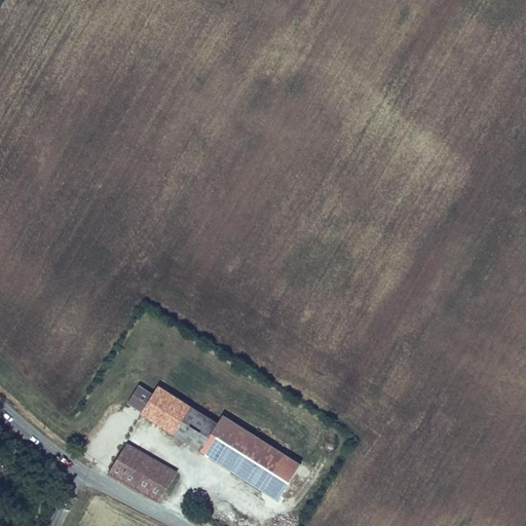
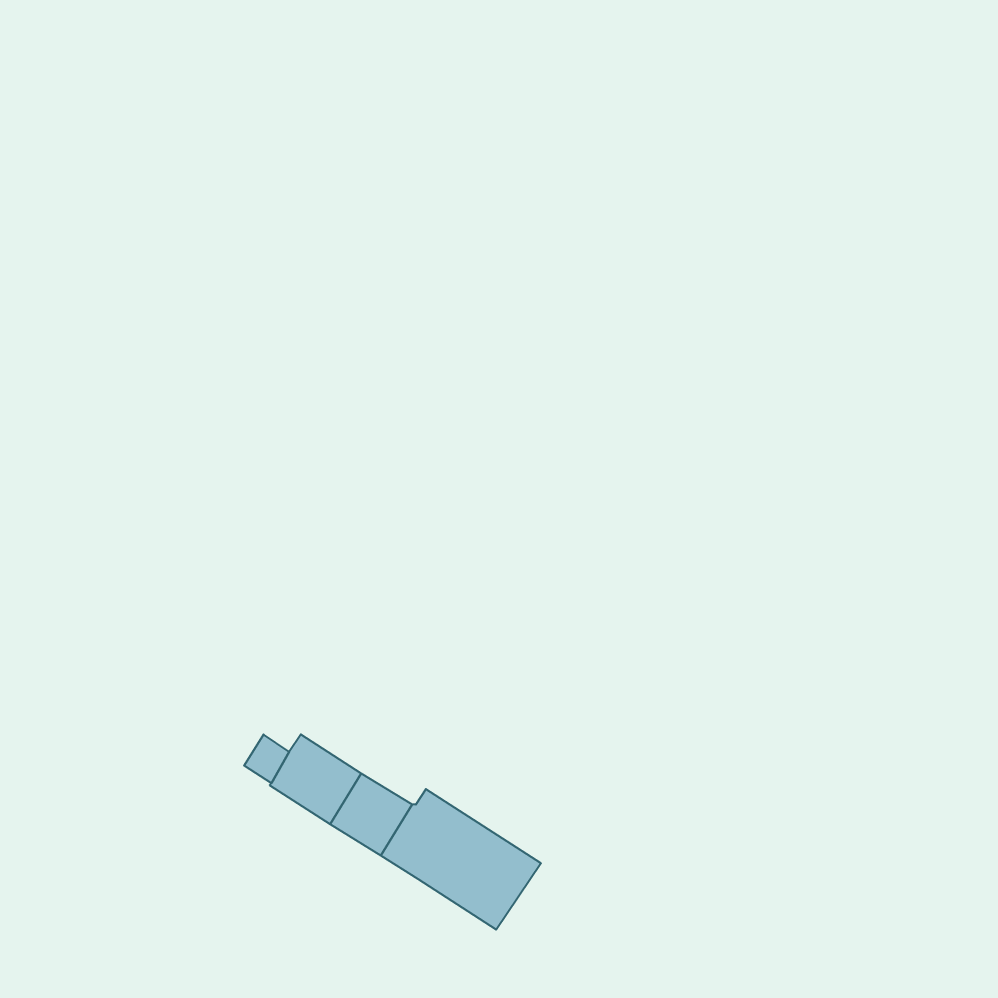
building: [108,443,175,501] -> none
building: [261,454,299,499] -> none

